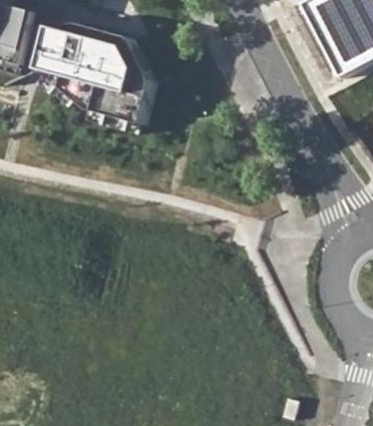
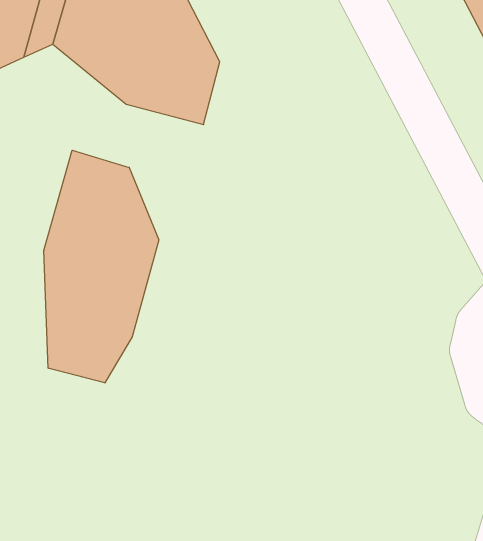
building: none -> [44,150,159,383]

